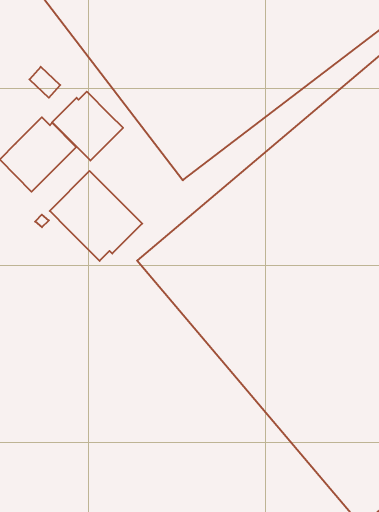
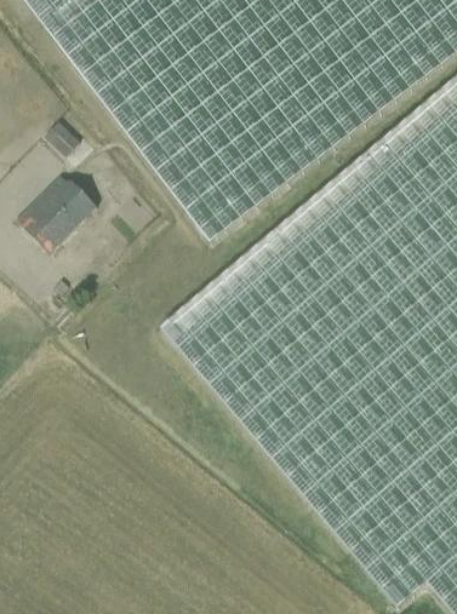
building: [52,92,123,161] -> none
building: [50,171,142,261] -> none

